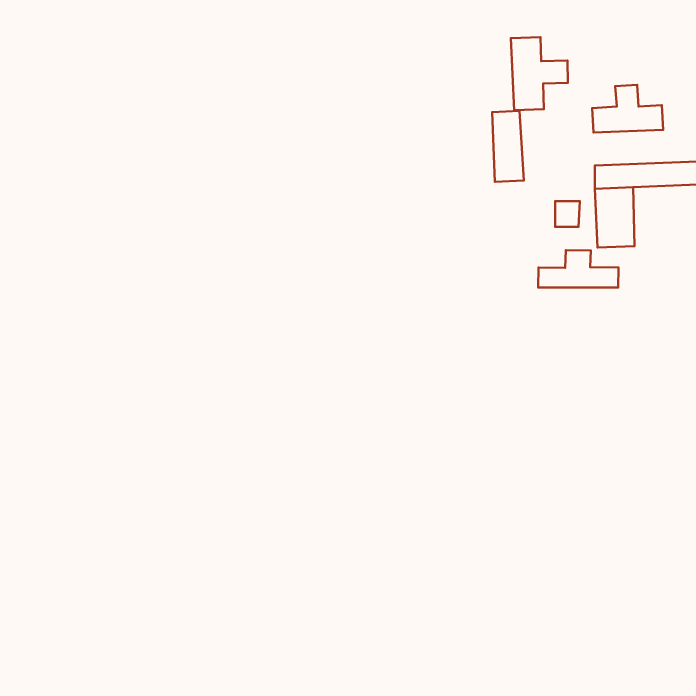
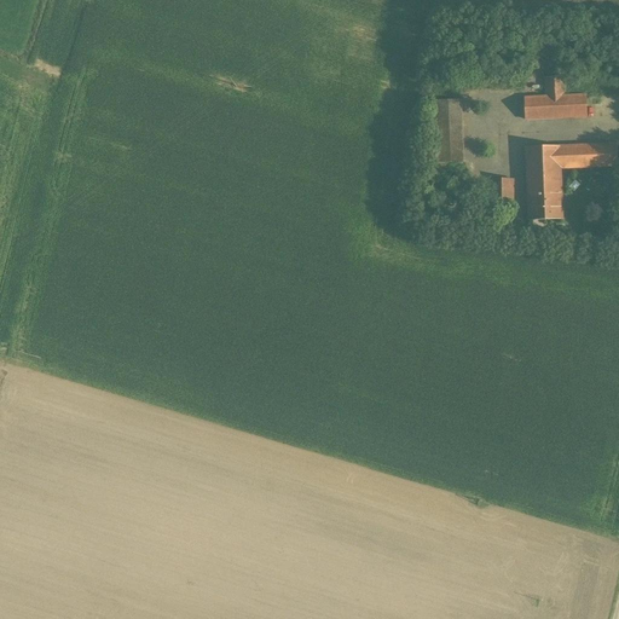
building: [511,37,568,110] -> none
building: [538,250,619,287] -> none

